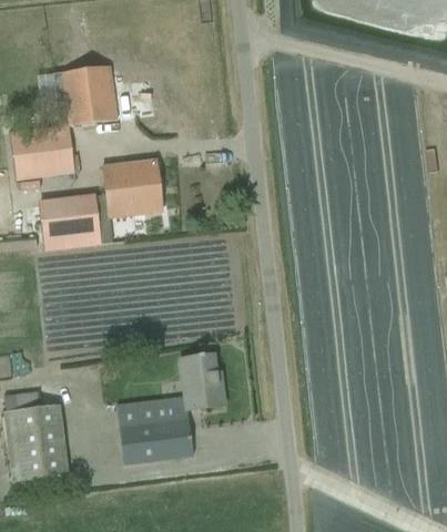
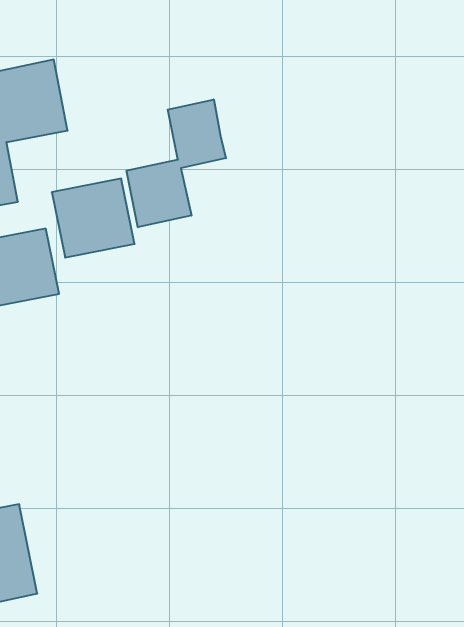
building: none -> [127,99,226,227]
building: [120,354,225,464] -> none

